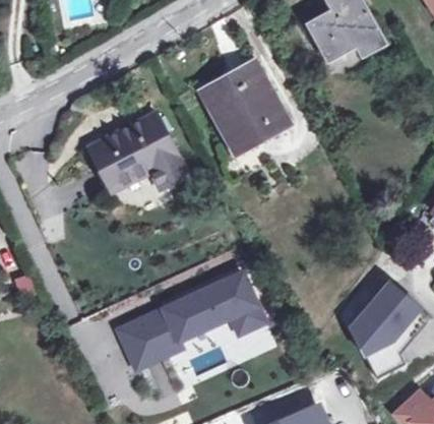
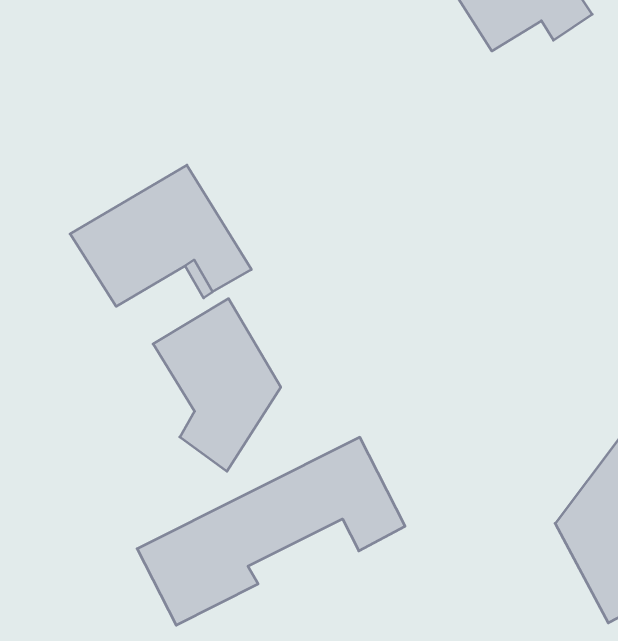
building: [203,63,289,154] -> none
building: none -> [153,299,281,471]

